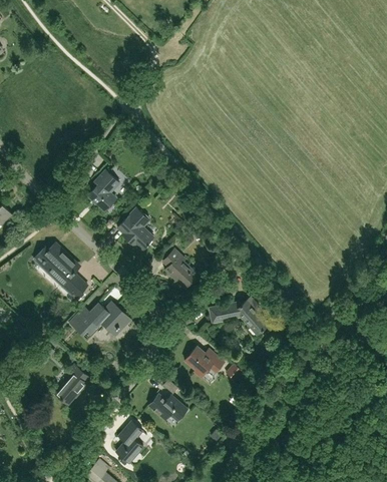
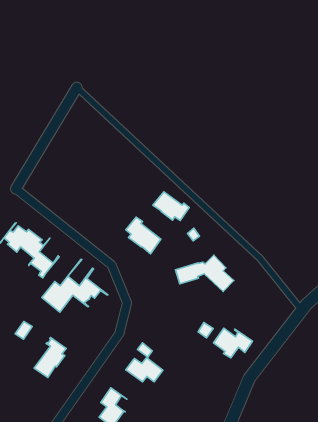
building: [87,170,119,210] -> none
building: [120,206,152,250] -> none
building: none -> [153,192,189,220]
building: [184,346,225,377] -> [214,328,252,358]

